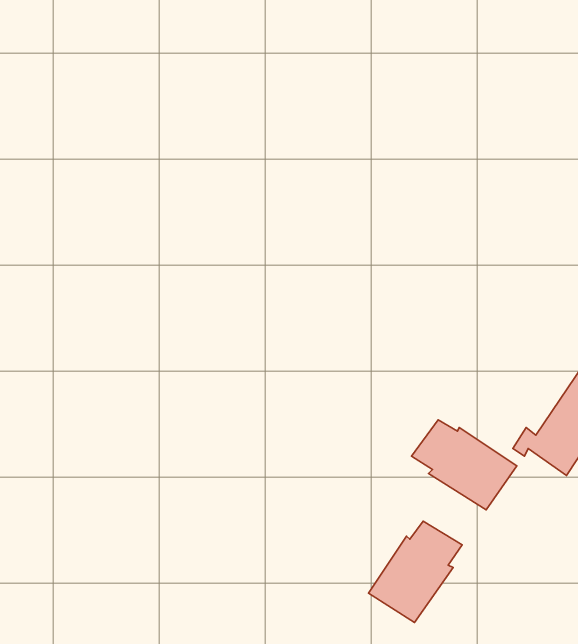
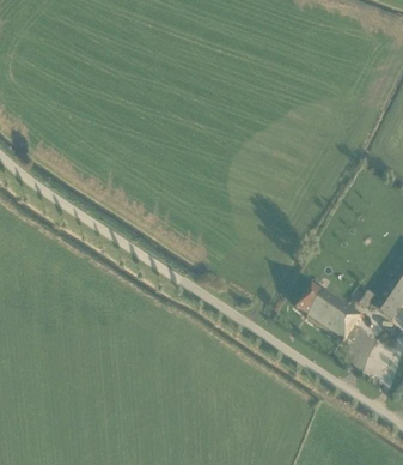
building: [369,521,462,623] -> none

